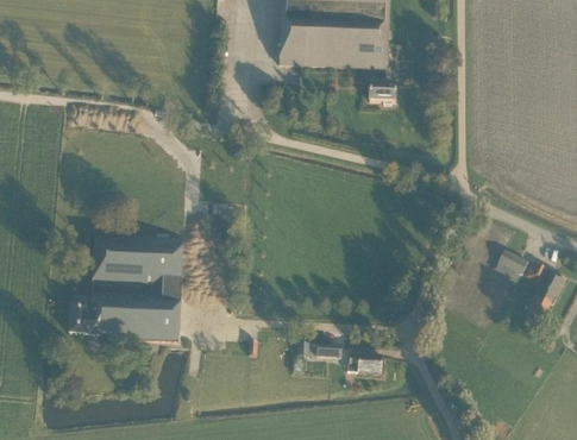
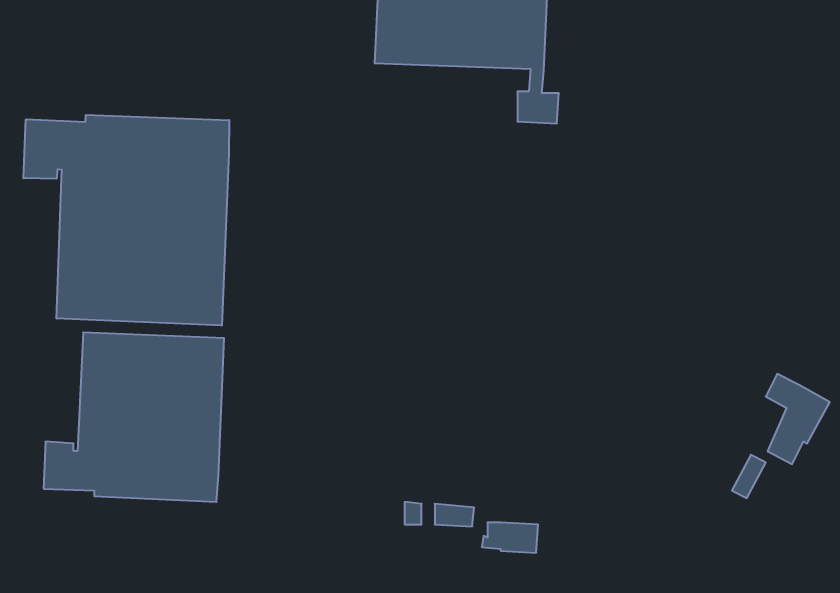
building: none -> [23,115,229,326]
building: [495,250,527,278] -> none

